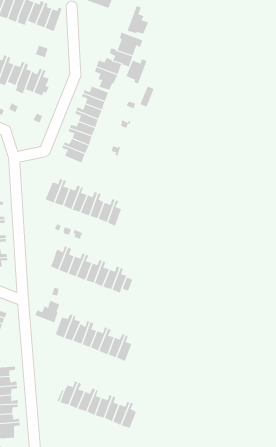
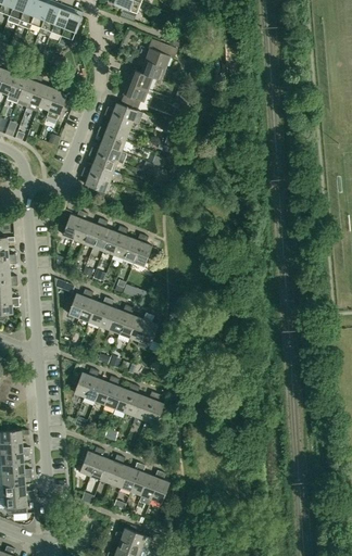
building: [127,5,149,35] -> none
building: [125,58,147,85] -> none
building: [35,300,60,323] -> none

